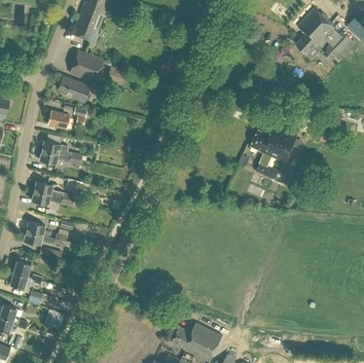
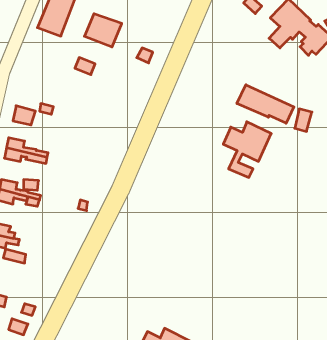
building: [68,50,104,82] -> [84,14,122,47]
building: [57,75,88,102] -> none
building: none -> [237,85,294,123]

